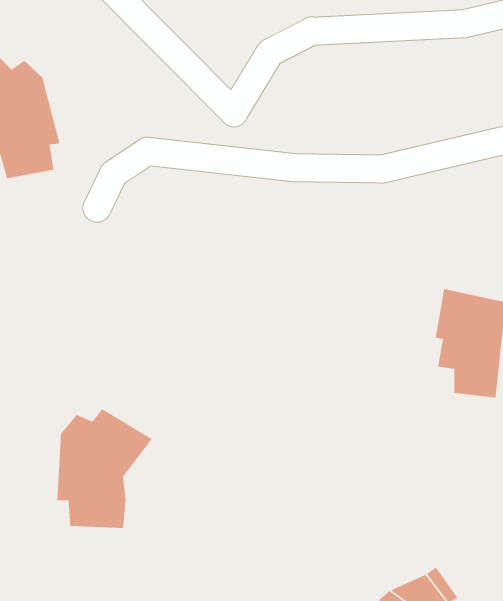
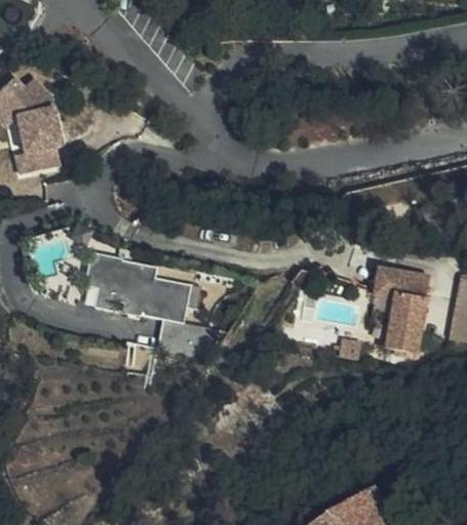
building: none -> [84,252,205,323]
building: [57,408,153,529] -> none

